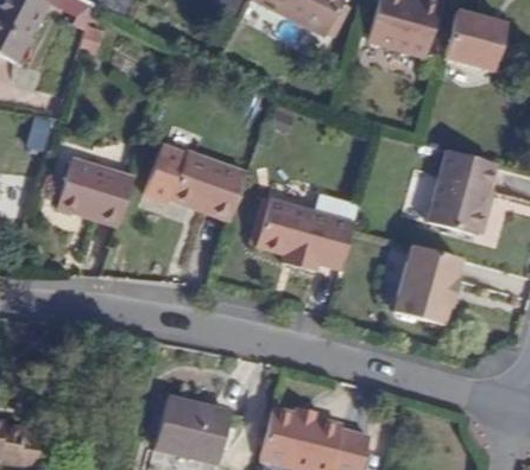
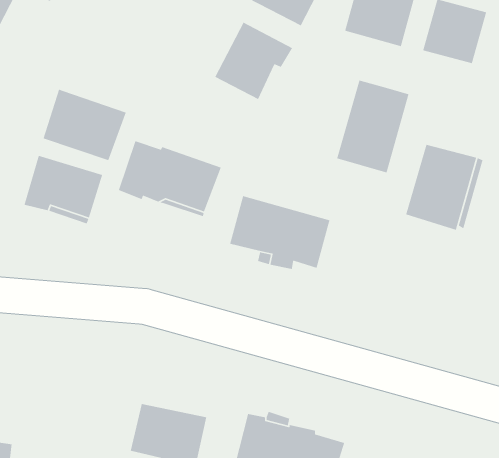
building: none -> [214,21,293,100]
building: none -> [336,79,410,173]
building: none -> [42,89,127,161]
building: [392,244,460,325] -> none

